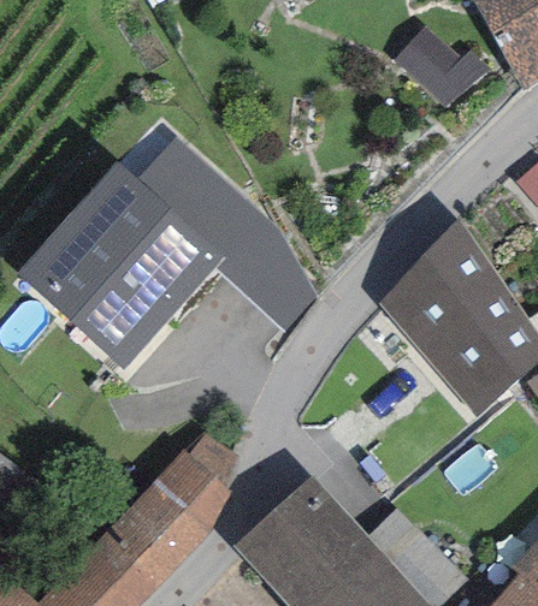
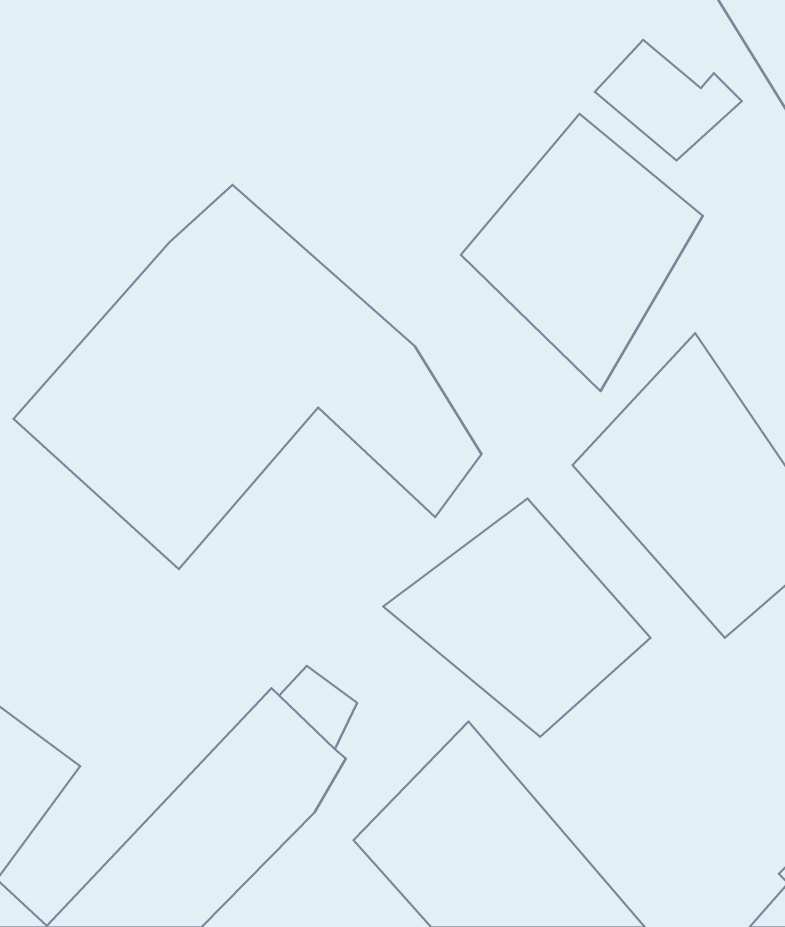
building: none -> [461,114,703,391]
building: none -> [383,498,651,737]

